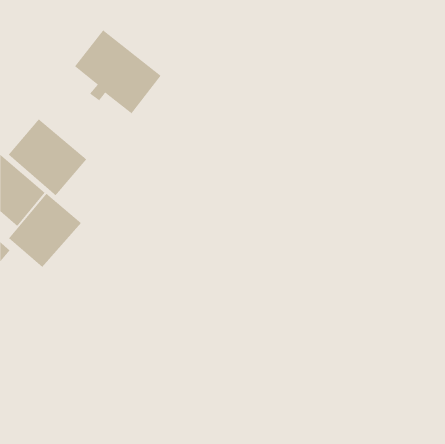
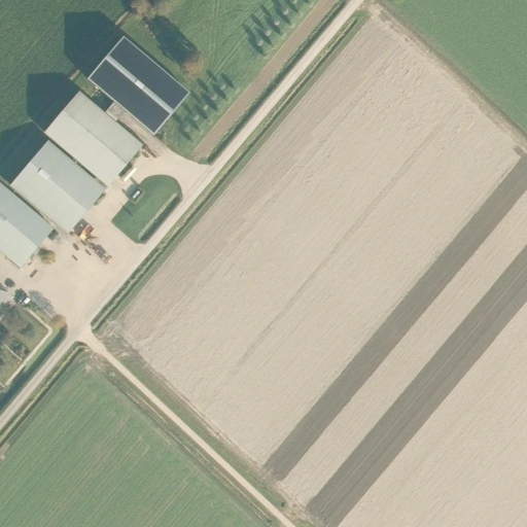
building: none -> [44,92,141,184]
building: [8,193,82,268] -> none

